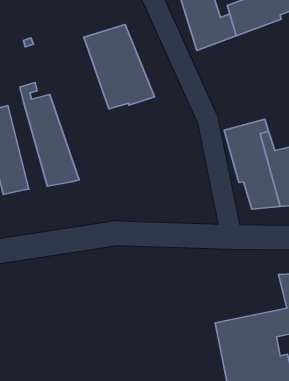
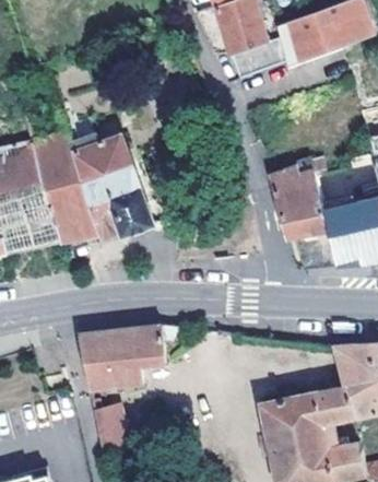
building: [84,24,155,109] -> [69,137,153,237]
building: none -> [12,141,59,245]
building: none -> [79,325,165,385]
building: none -> [94,400,128,449]

